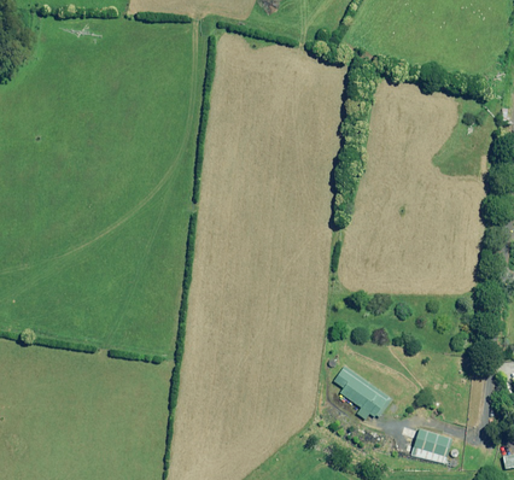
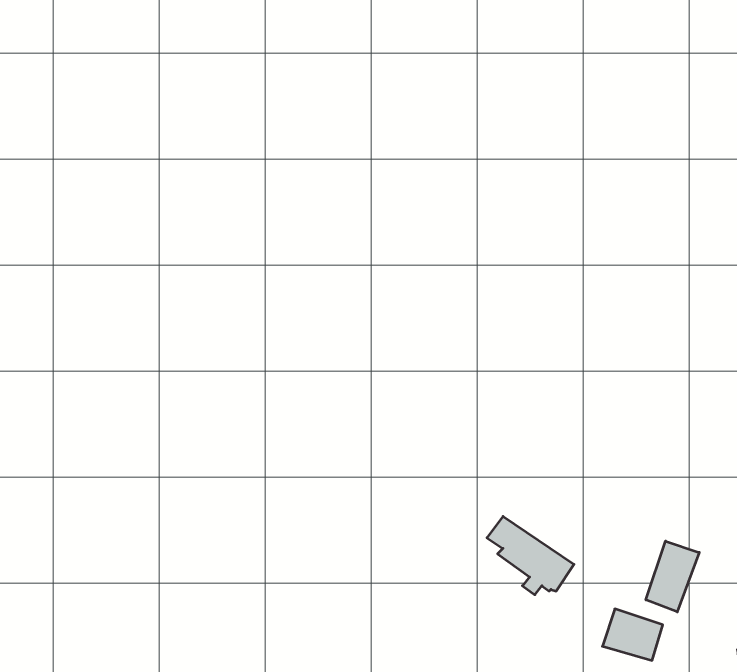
building: none -> [646,541,699,612]

